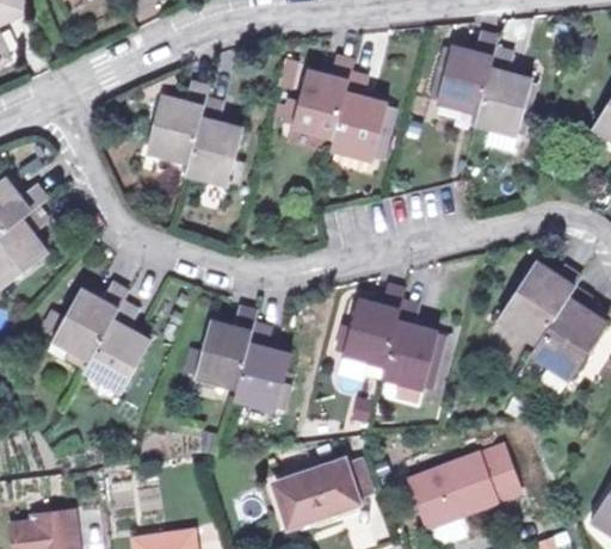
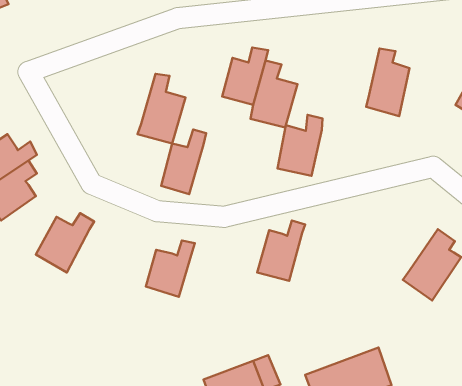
building: [438,47,495,124] -> [277,115,323,176]
building: [156,79,214,161] -> [161,129,206,194]
building: [496,270,576,347] -> none
building: [92,295,152,377] -> none
building: [376,300,431,384] -> none
building: [235,323,295,406] -> none

